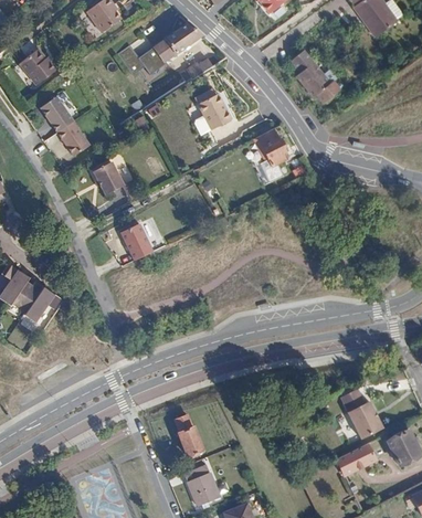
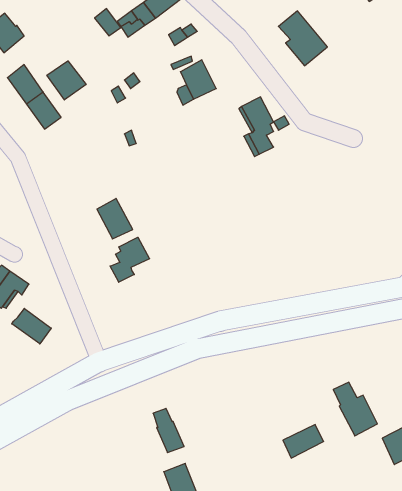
building: none -> [47,61,86,100]
building: [95,161,125,194] -> none
building: none -> [110,237,150,282]
building: none -> [12,308,51,344]
building: [336,445,373,476] -> [283,425,324,458]

